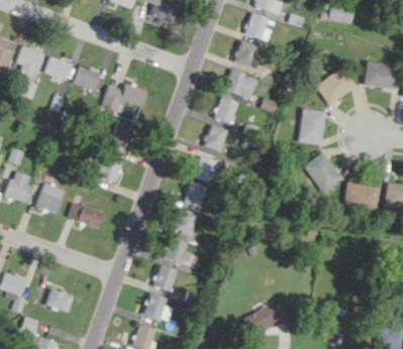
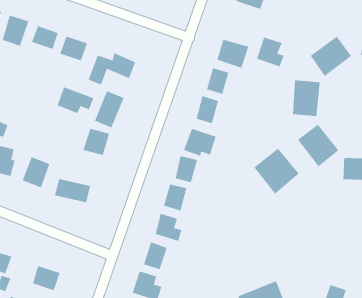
building: [232,40,260,70] -> [256,37,284,67]
building: none -> [57,86,94,114]
building: none -> [253,148,300,195]

